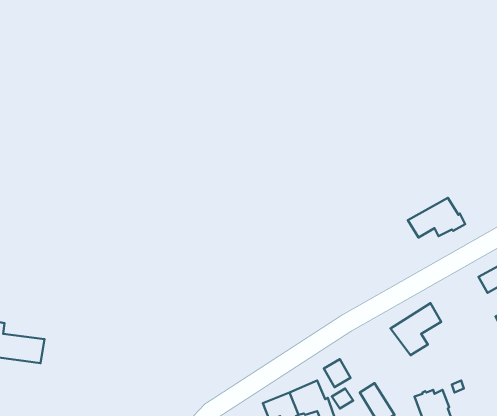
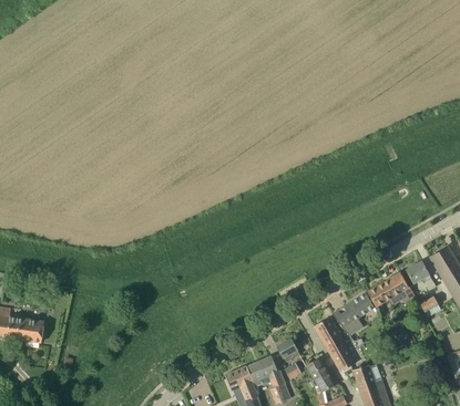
building: [408,198,465,238] -> [367,272,415,305]
building: none -> [314,315,356,371]

